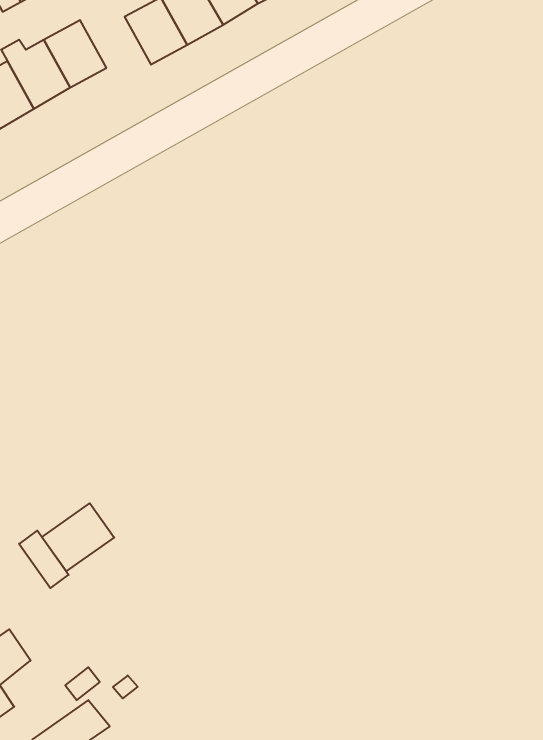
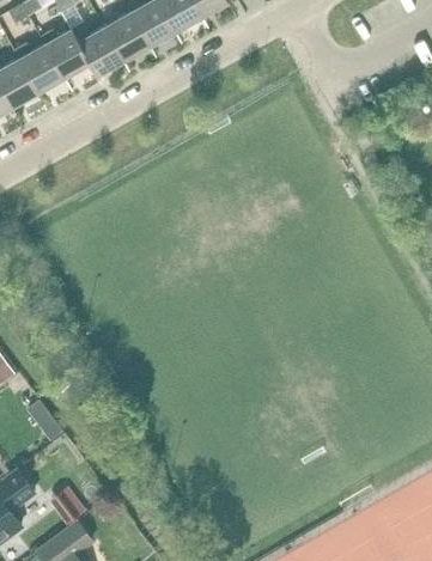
building: none -> [71,22,122,75]
building: [42,503,114,571] -> none

